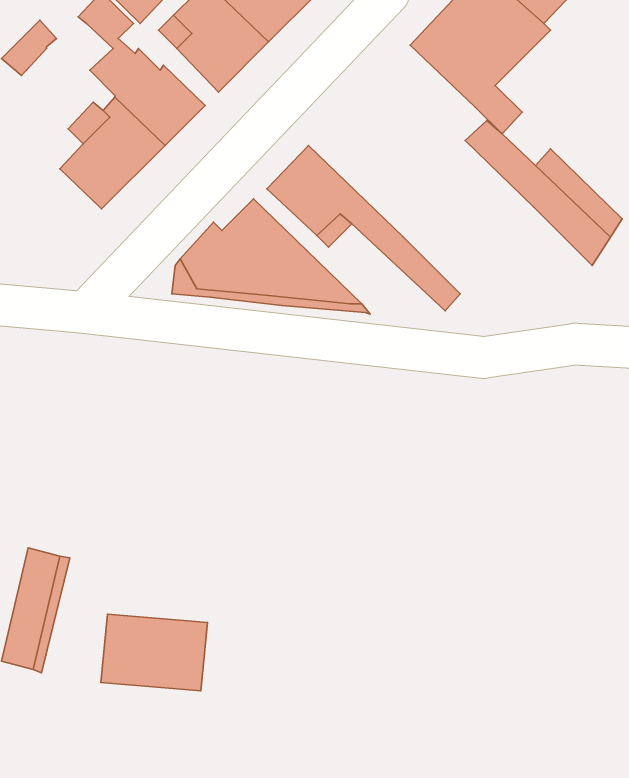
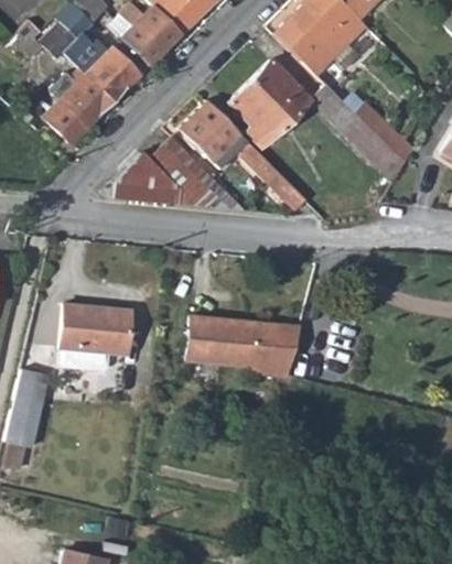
building: none -> [21,20,78,61]
building: none -> [229,59,311,148]
building: none -> [189,316,301,377]
building: [101,614,208,691] -> [61,305,131,356]

